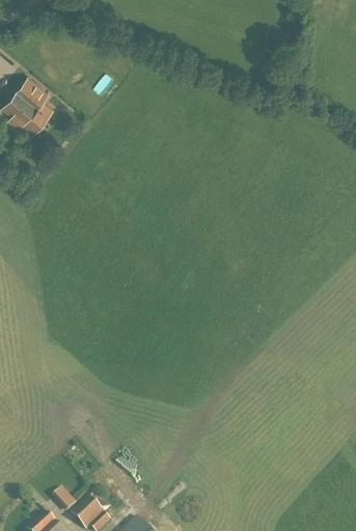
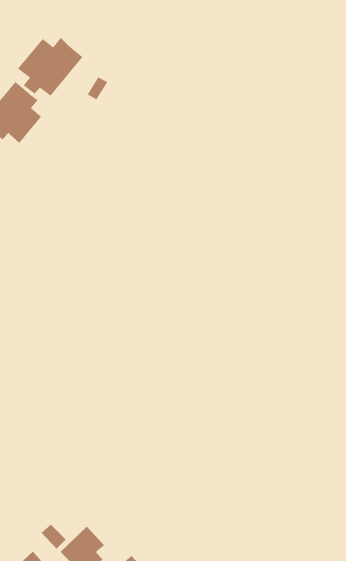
building: none -> [17,37,83,97]

